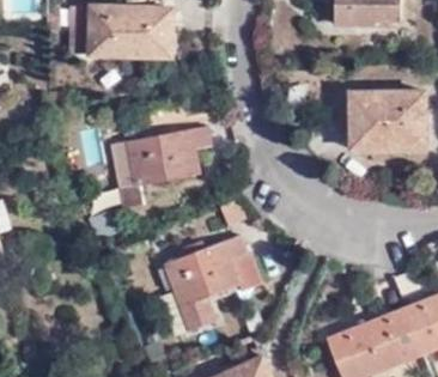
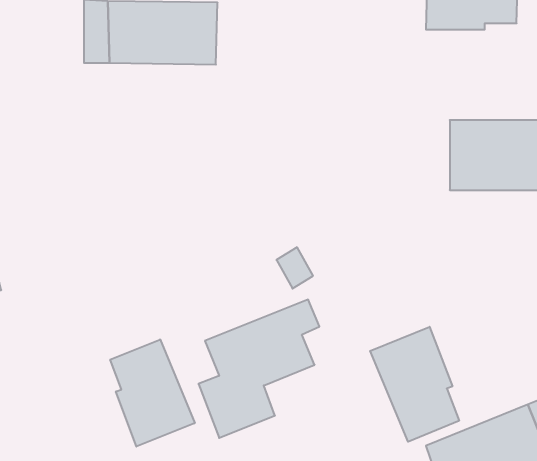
building: [112,122,211,208] -> none
building: none -> [370,327,459,442]
building: none -> [110,339,195,447]

